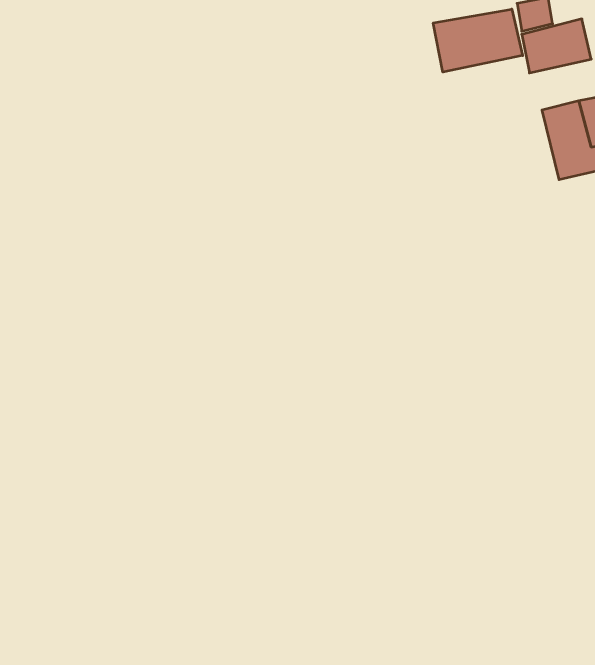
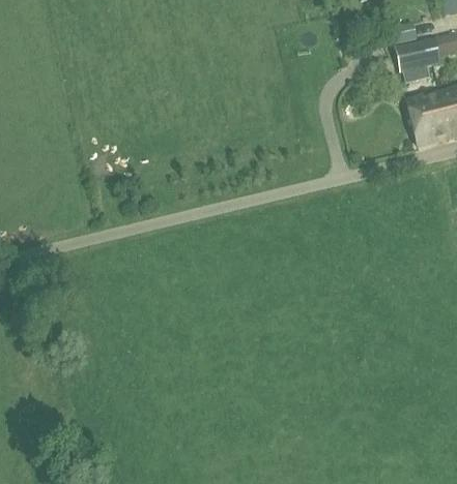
building: [433,9,523,72] -> none

